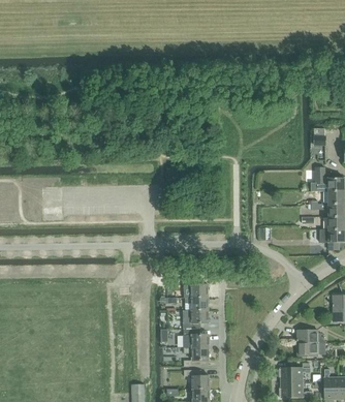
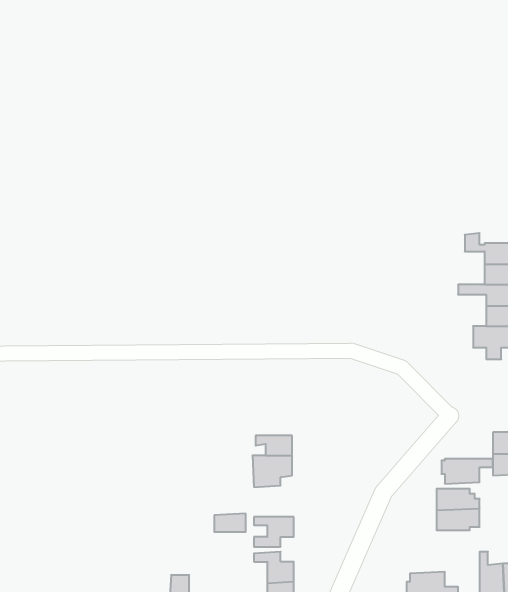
building: [183,278,208,297] -> none
building: [184,328,209,347] -> none
building: [279,367,311,382] -> [441,459,493,484]

